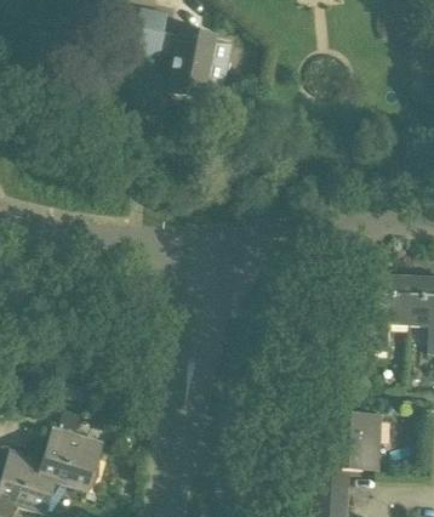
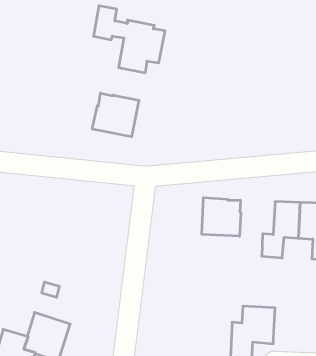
building: none -> [92,93,139,137]
building: none -> [202,198,241,236]

